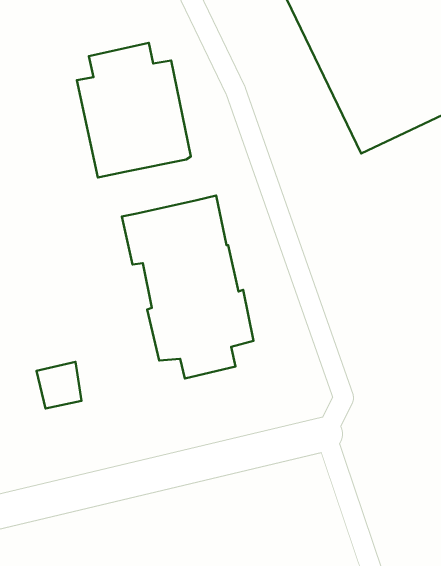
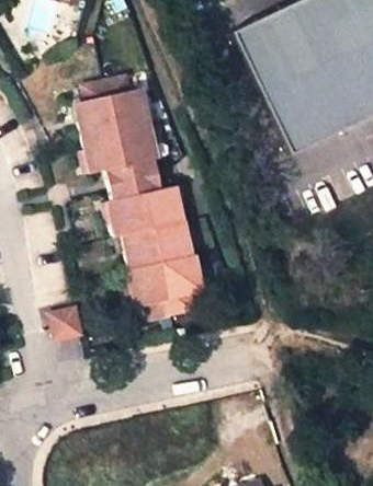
building: none -> [113,160,165,199]

